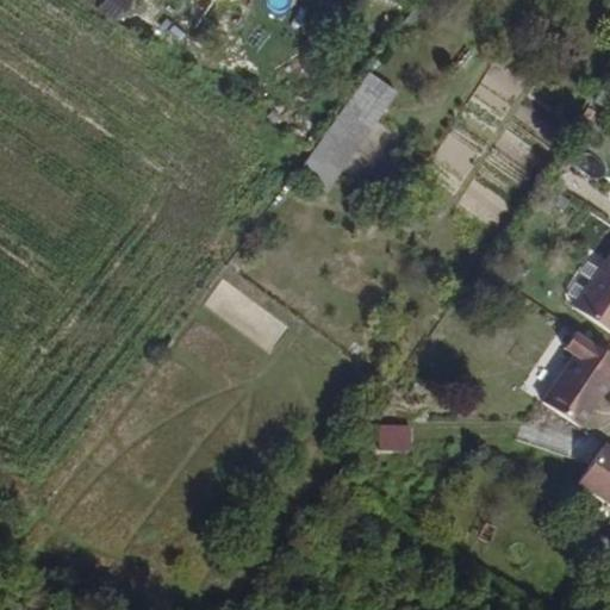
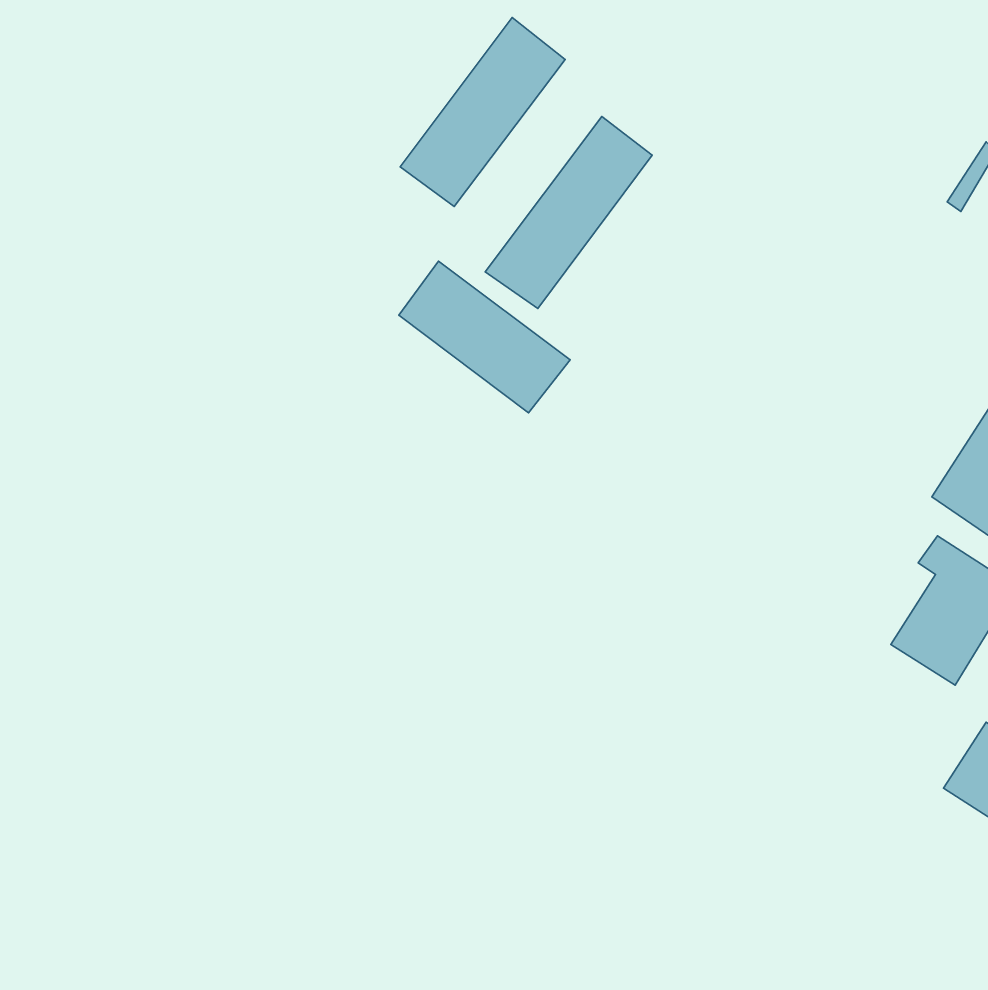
building: none -> [400,18,565,207]
building: none -> [399,261,570,413]

